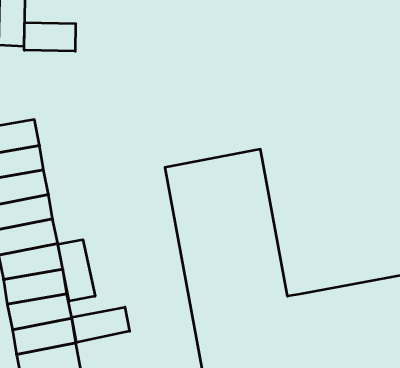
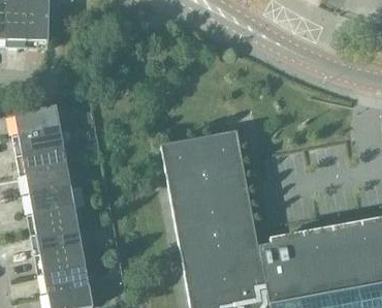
building: [24,23,76,51] -> none
building: [58,240,95,301] -> none
building: [72,307,130,343] -> none

